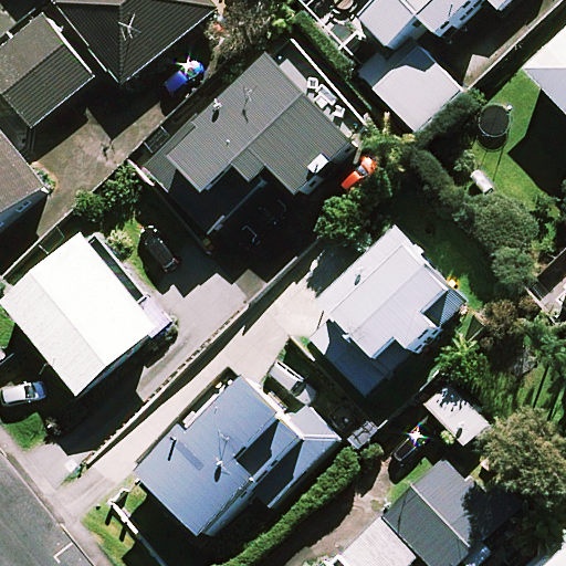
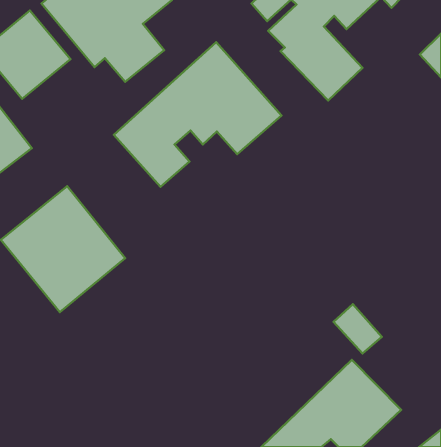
building: [291,227,459,394] -> none
building: [140,377,321,532] -> none

